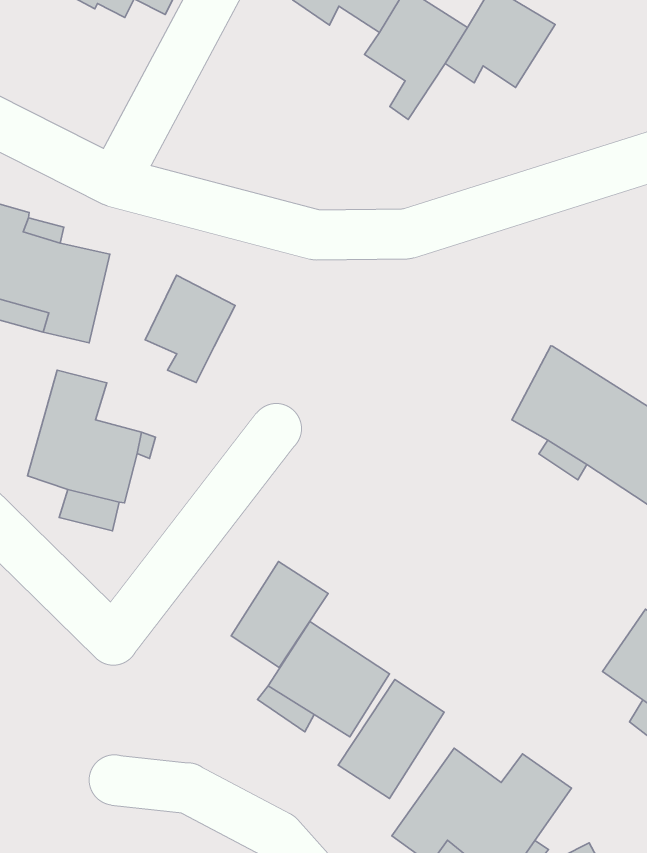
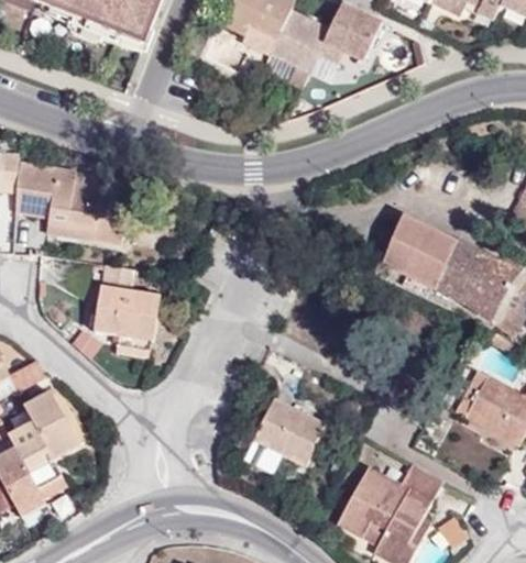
building: [145,275,235,383] -> none
building: [231,561,328,668] -> none
building: [338,679,444,798] -> none

